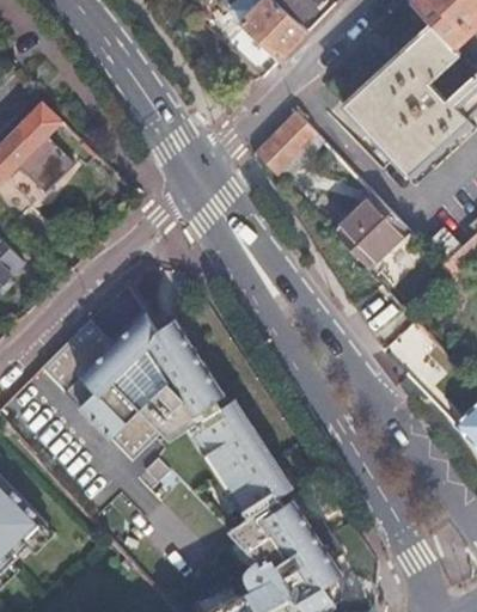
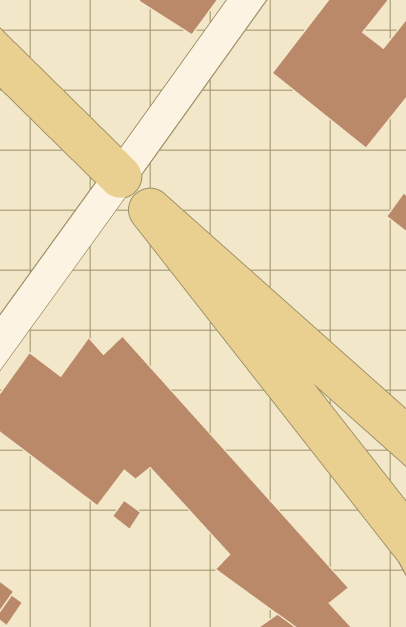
building: [256,111,324,182] -> none
building: [332,195,408,269] -> none

